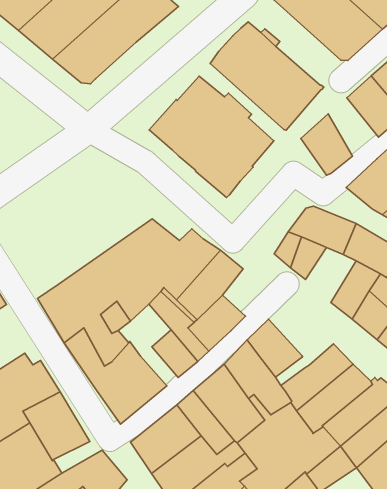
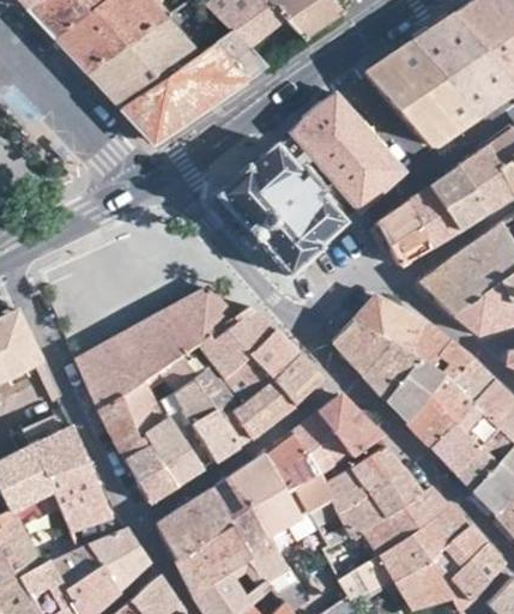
building: none -> [409,186,459,248]
building: none -> [363,342,419,401]
building: none -> [273,354,322,404]
building: none -> [319,393,381,457]
building: none -> [158,379,214,425]

